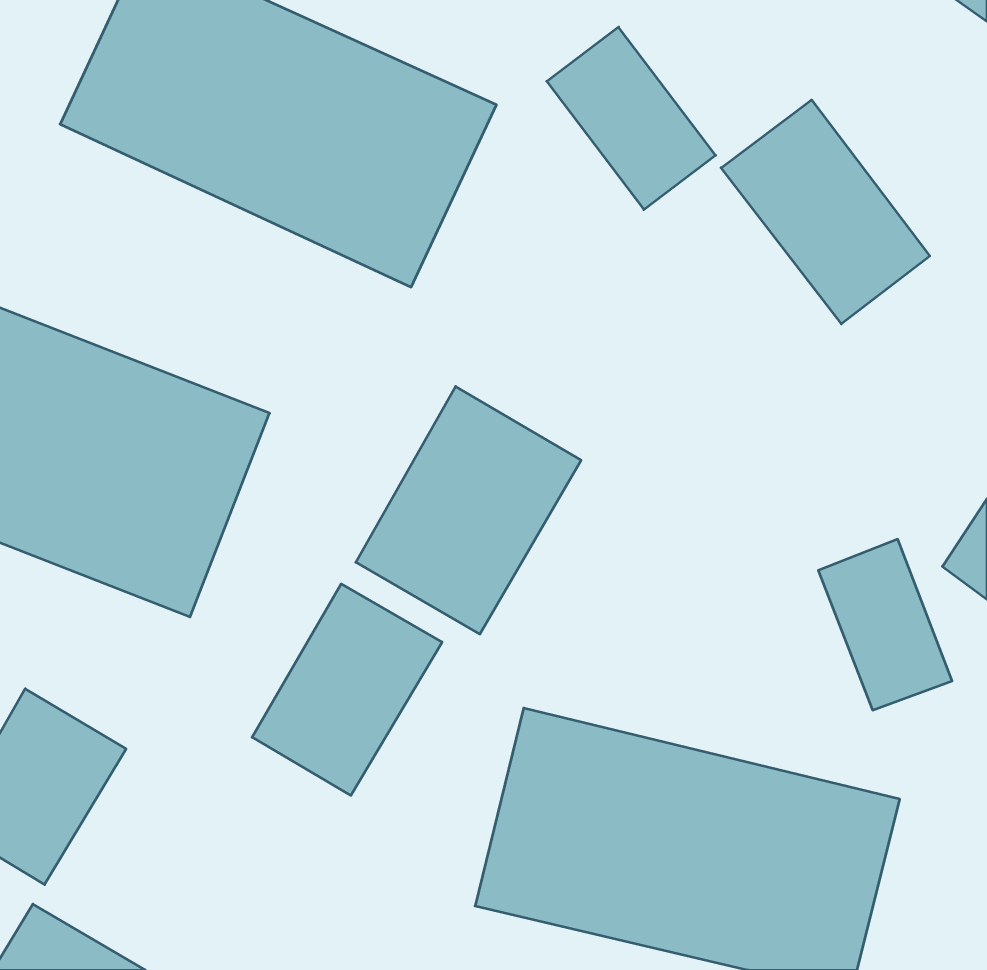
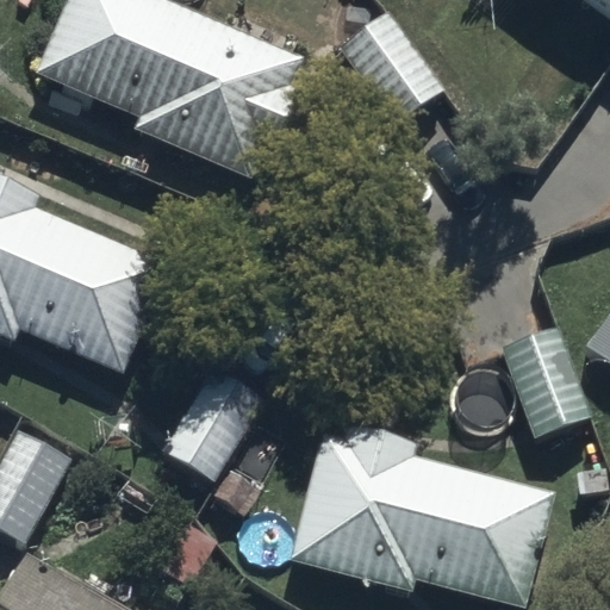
building: [721,100,930,324] -> none
building: [356,386,581,634] -> none

